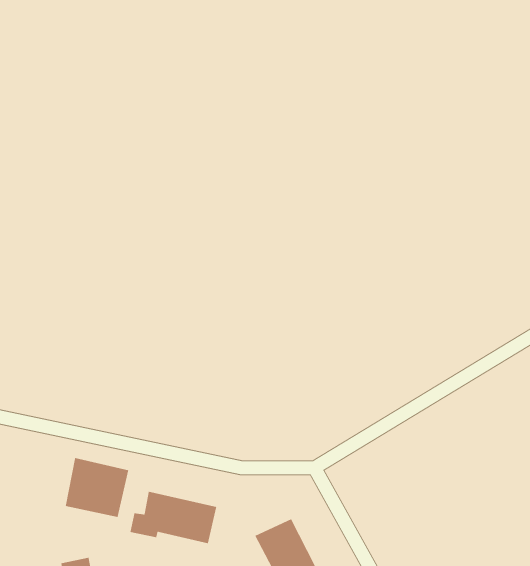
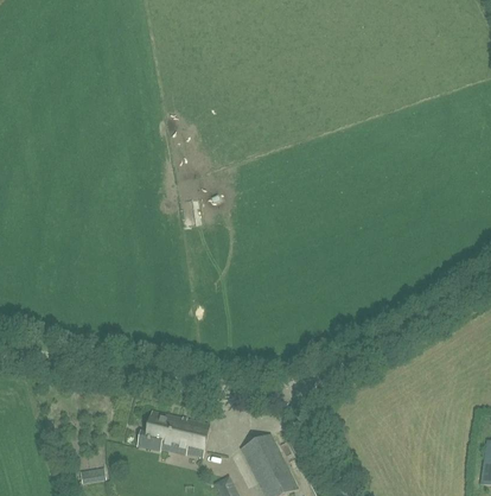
building: [65,457,129,518] -> none

